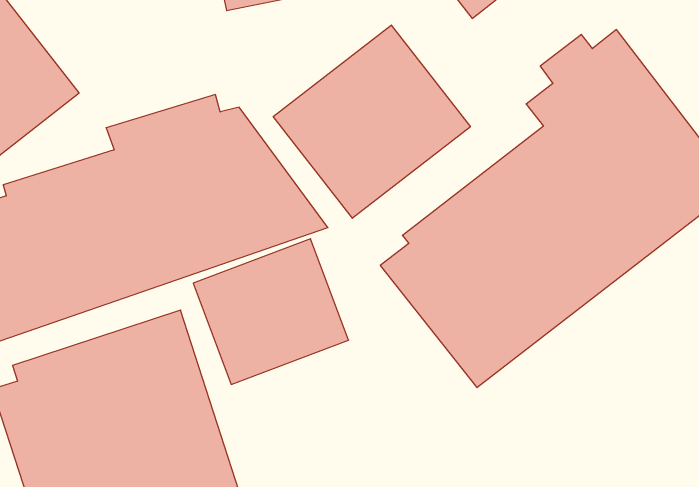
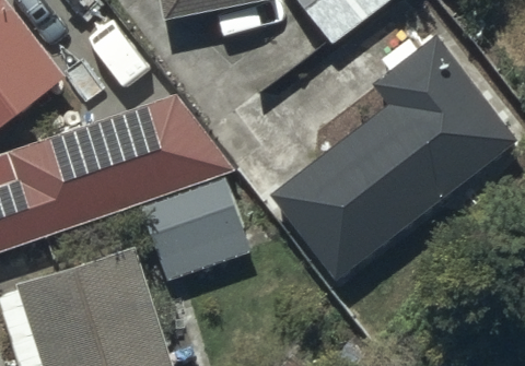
building: [273,25,470,218] -> none

